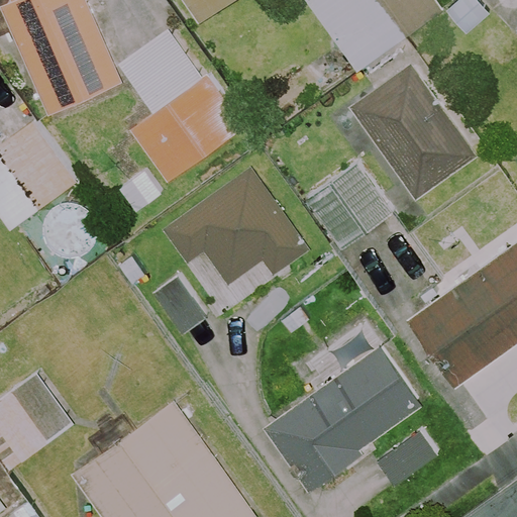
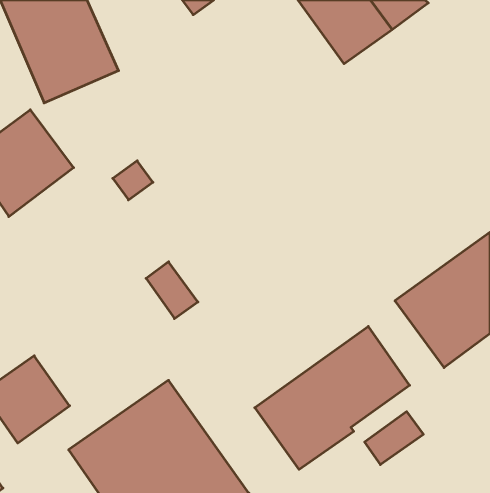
building: [117,27,243,182] -> none
building: [346,63,476,201] -> none
building: [163,166,310,286] -> none
building: [304,167,390,251] -> none

